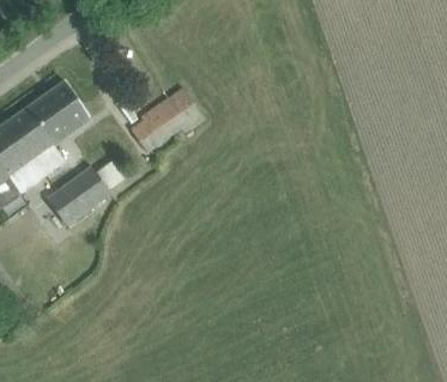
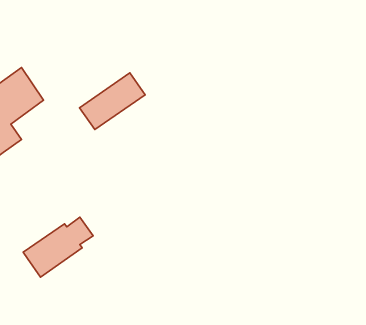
building: [46,159,122,225] -> [23,217,93,277]

